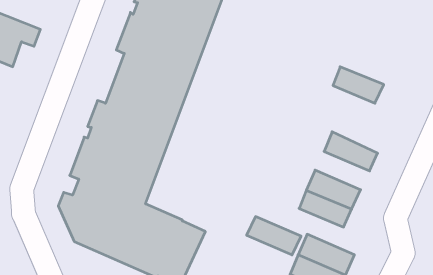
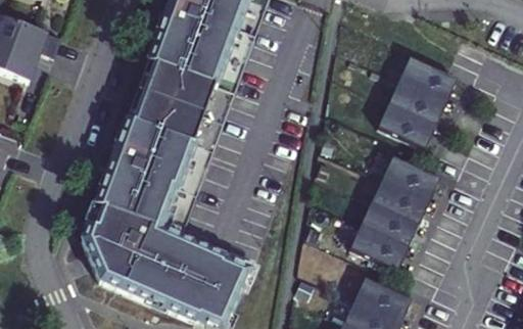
building: none -> [399,57,460,101]
building: none -> [383,102,439,146]
building: [247,217,301,255] -> [371,178,433,222]

